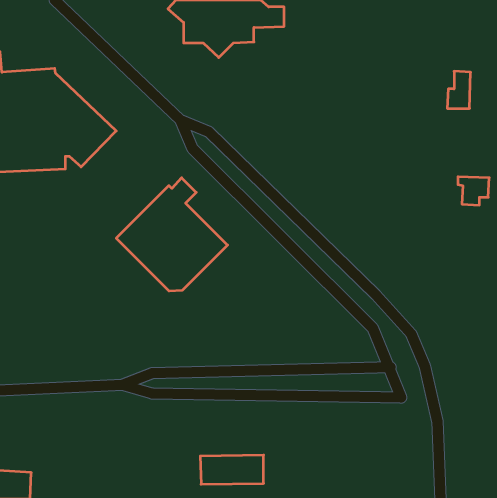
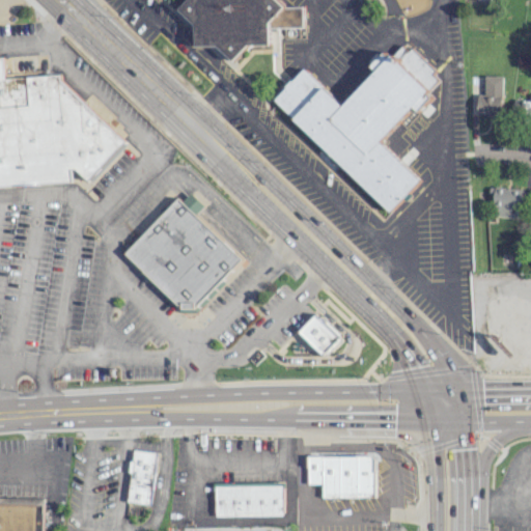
building: none -> [272,45,439,214]
building: none -> [297,314,340,359]
building: none -> [123,450,155,506]
building: none -> [306,455,372,496]

